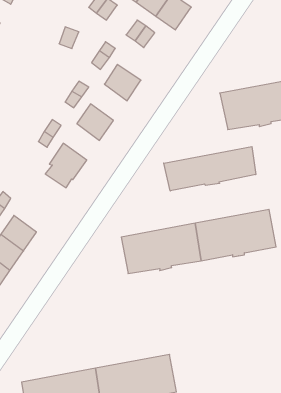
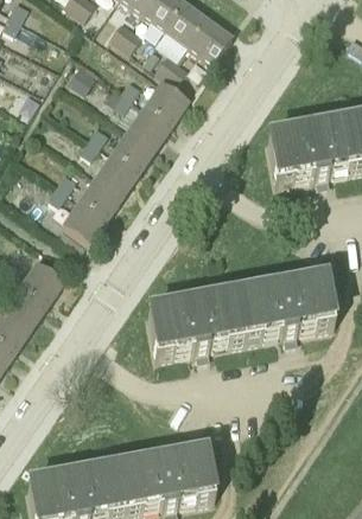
building: none -> [145,75,190,117]
building: none -> [113,122,157,166]
building: none -> [80,169,123,213]
building: [164,147,256,191] -> none
building: none -> [20,255,65,300]

